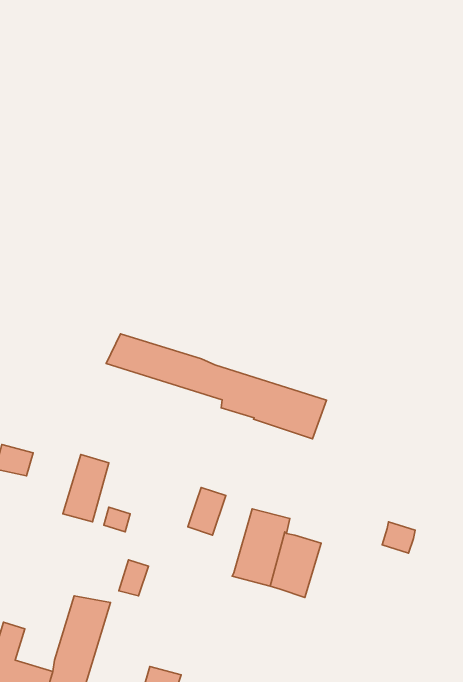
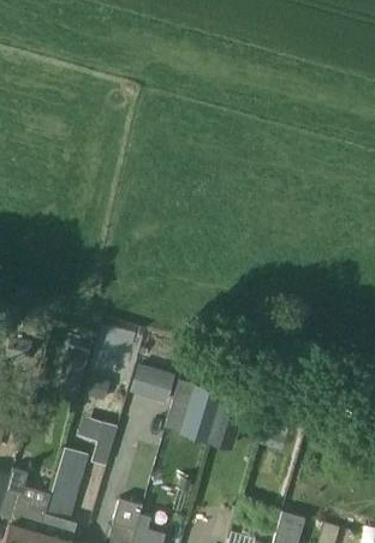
building: [106,334,326,439] -> none

